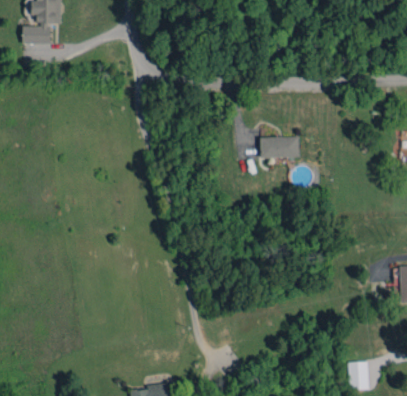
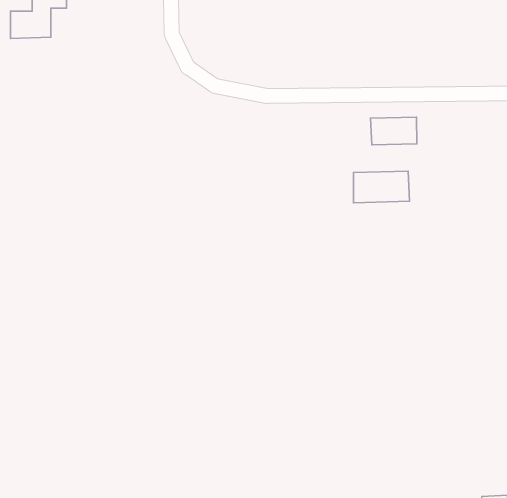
building: none -> [370,117,417,145]

